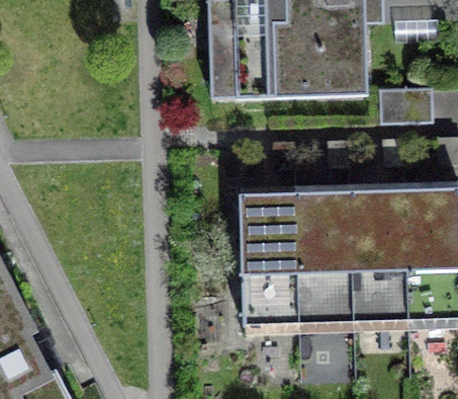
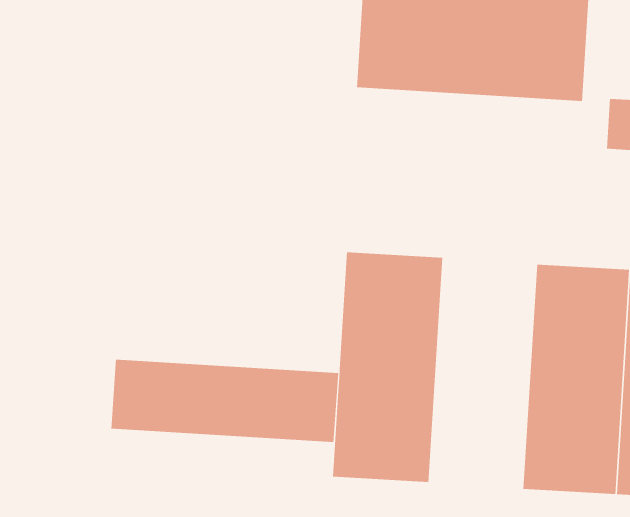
building: [293,192,352,325] -> none
building: none -> [111,359,339,443]

